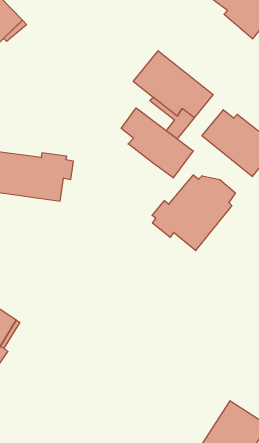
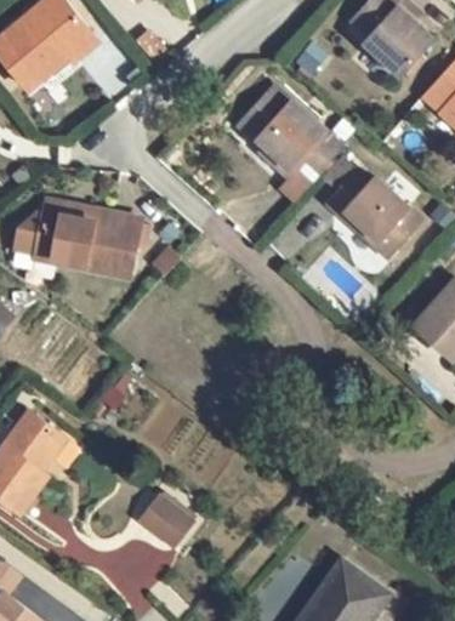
building: [121,108,193,178] -> none
building: [152,175,235,251] -> none
building: none -> [140,496,192,547]

